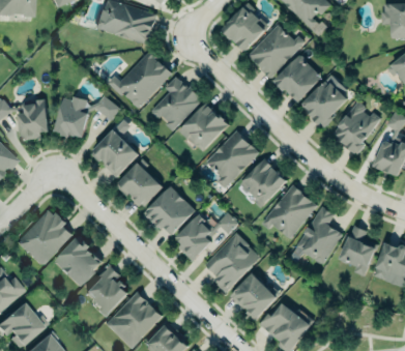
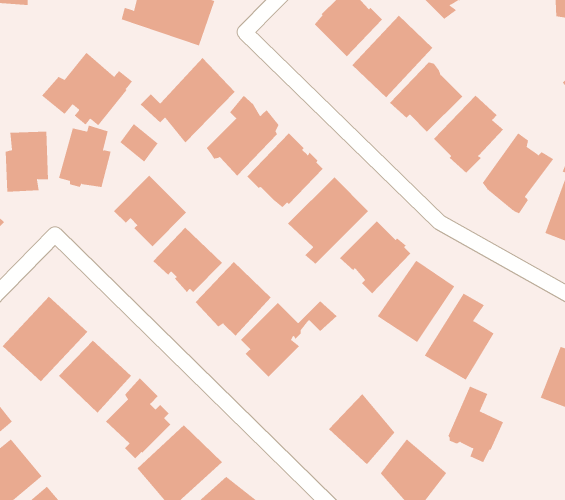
building: none -> [41,52,133,126]
building: [340,226,377,276] -> [447,386,504,463]
building: [206,233,259,294] -> none

